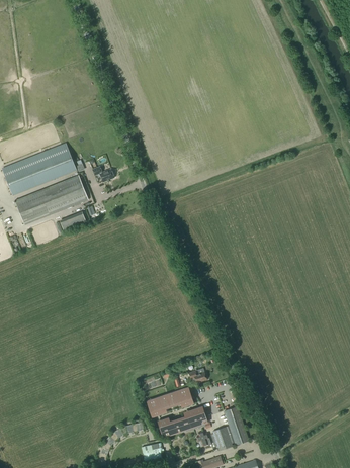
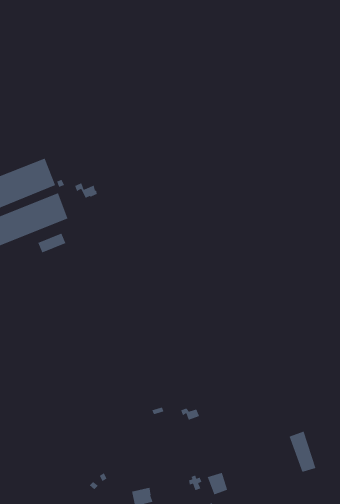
building: [150,388,189,414] -> none
building: [224,405,249,444] -> [288,431,316,473]
building: [160,407,204,436] -> none

